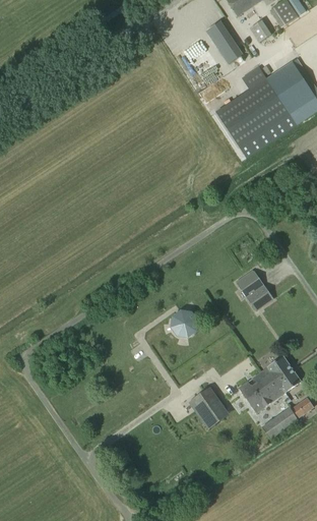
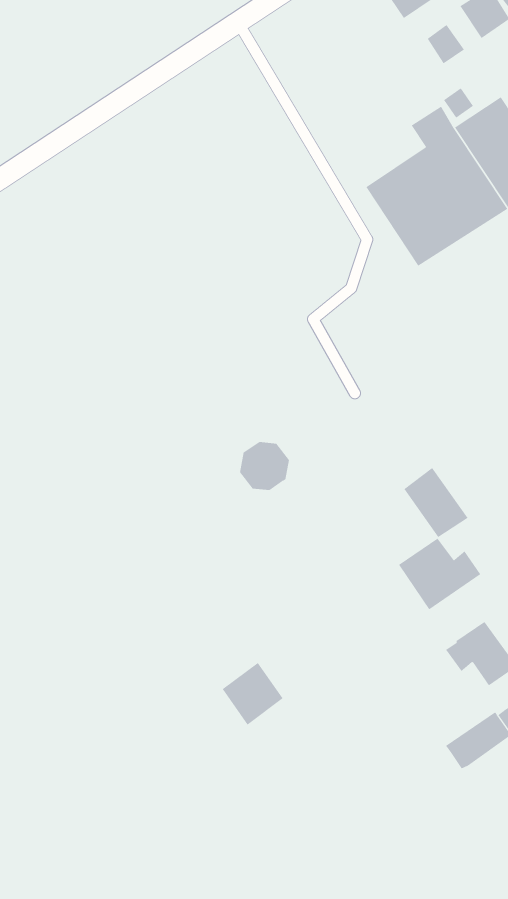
building: [205,19,243,62] -> none
building: [170,309,198,337] -> [239,442,290,490]
building: [238,371,284,412] -> [398,538,481,610]
building: [188,387,223,422] -> [222,662,283,725]

